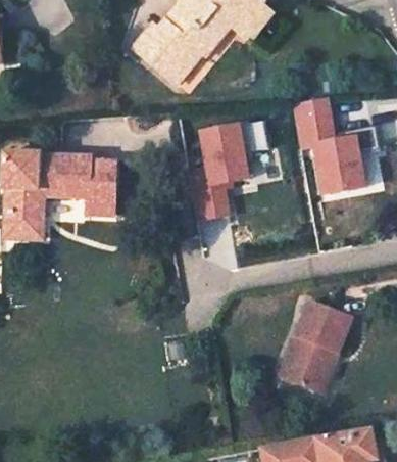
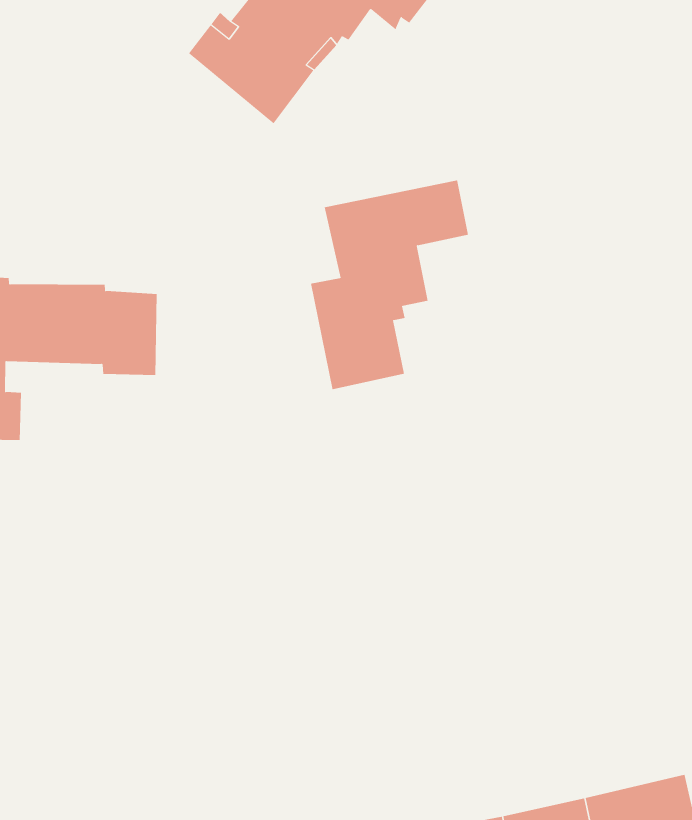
building: [294,99,380,193] -> none
building: [285,297,356,389] -> none

